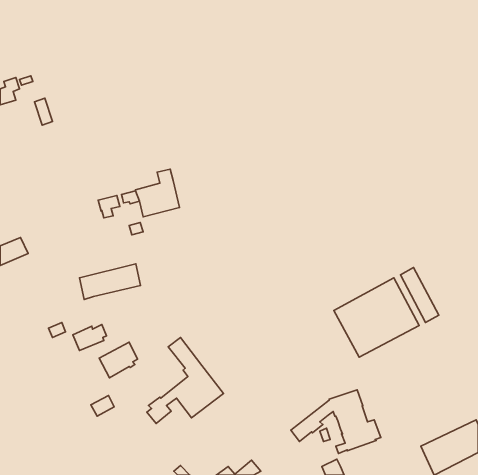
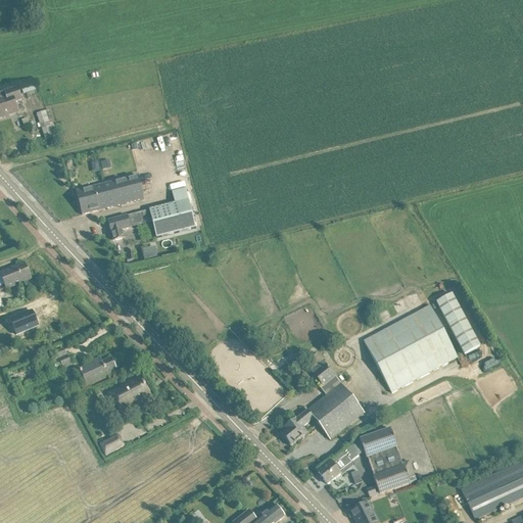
building: [80,264,140,299] -> [77,174,143,212]
building: none -> [10,308,38,332]
building: [147,337,223,423] -> [281,350,365,444]

